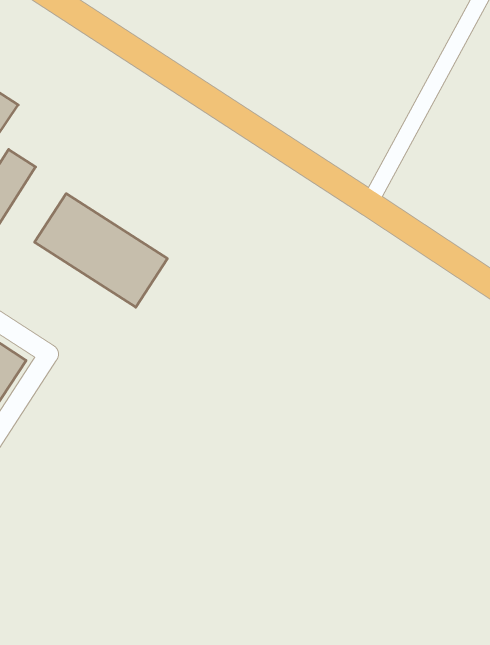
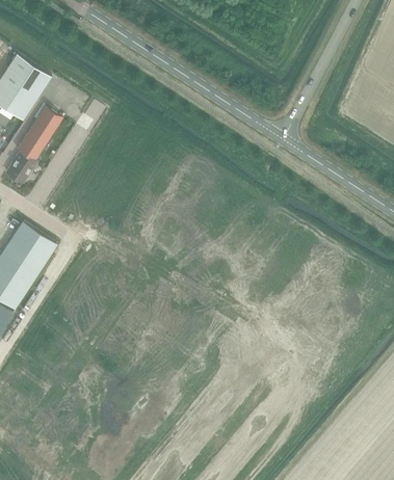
building: [35,194,167,307] -> none

